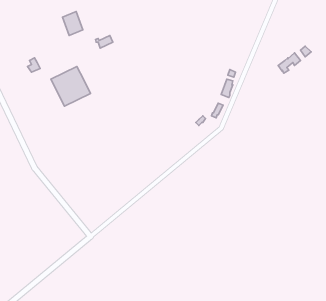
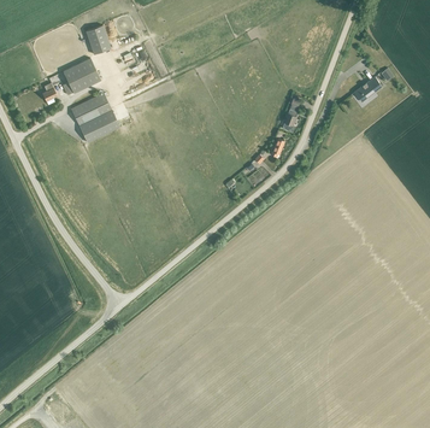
building: none -> [61,58,100,94]

